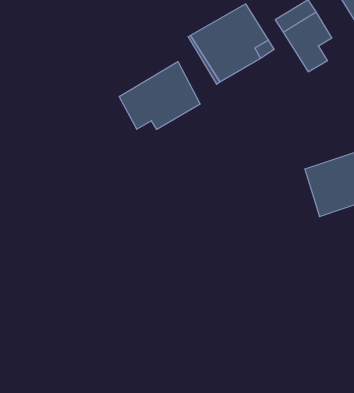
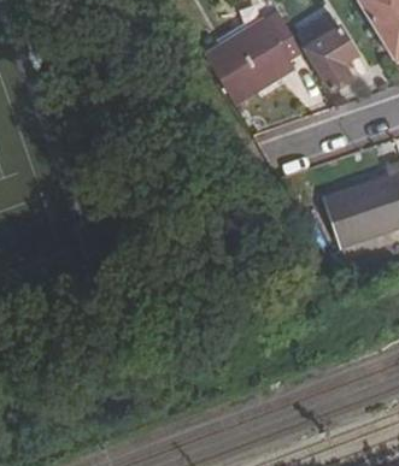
building: [119,62,200,129] -> none

